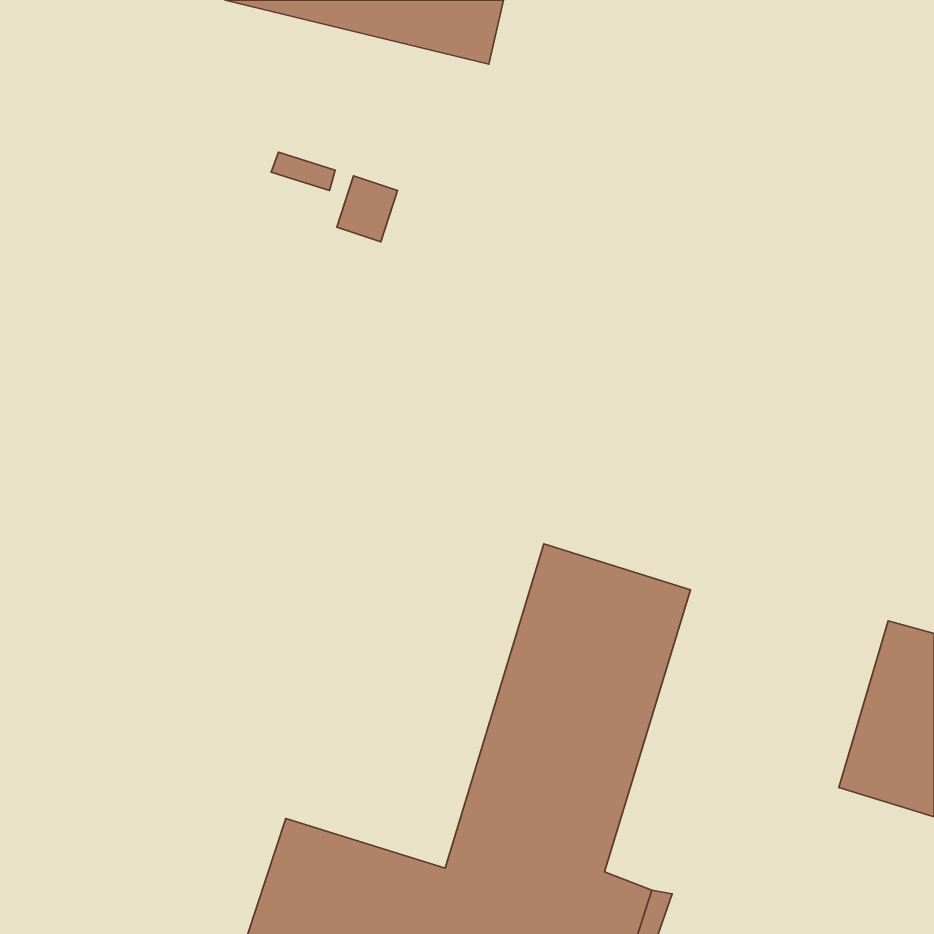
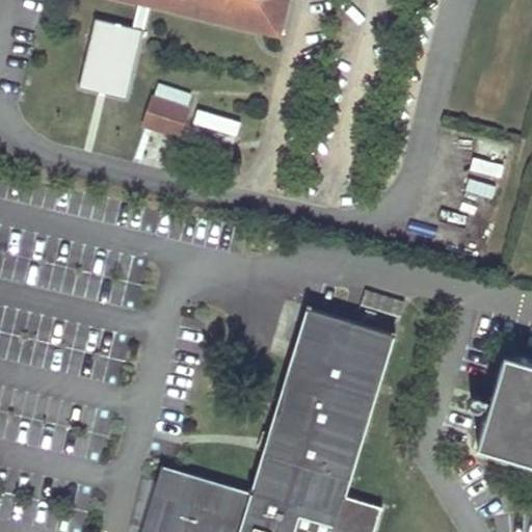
building: none -> [82,23,143,101]
building: none -> [145,99,187,136]

